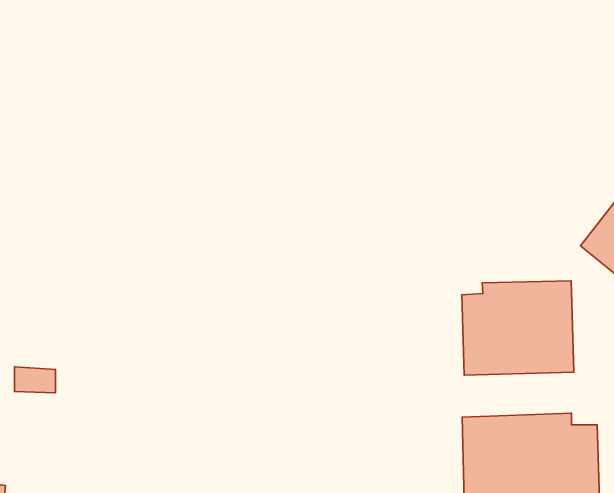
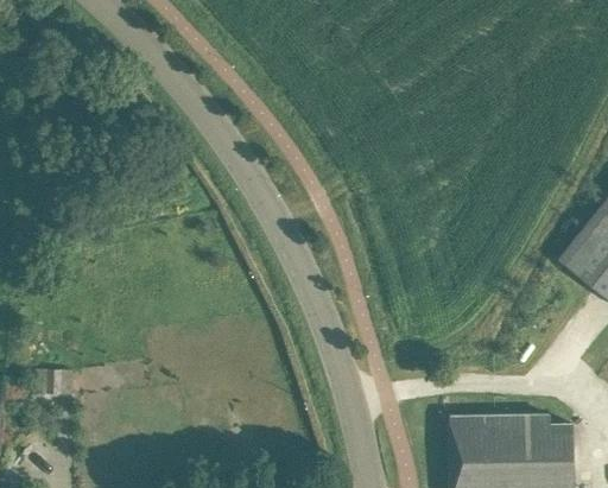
building: [462,281,574,375] -> none

